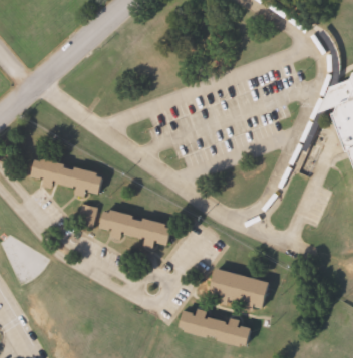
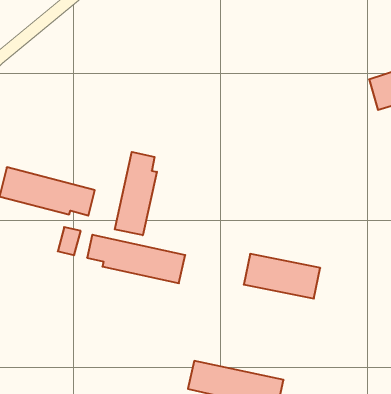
building: none -> [115,152,157,235]
building: [209,270,269,305] -> [244,254,320,299]

